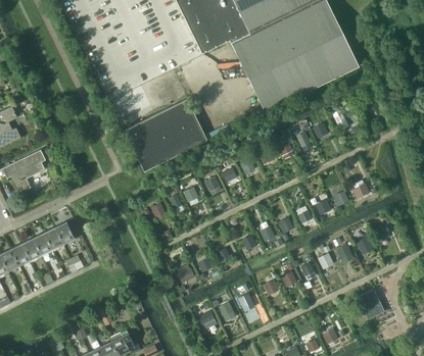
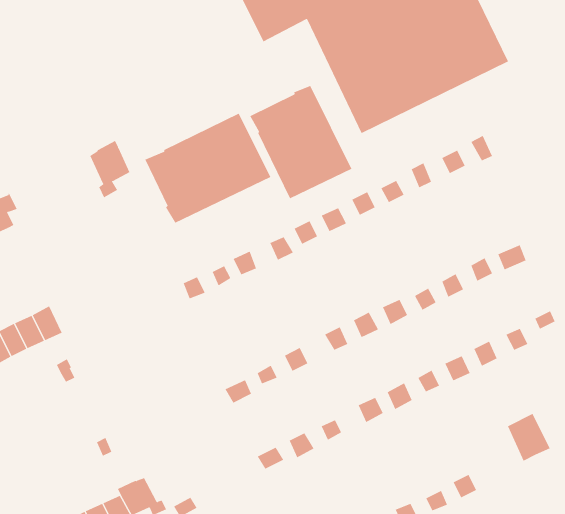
building: none -> [249,85,352,199]
building: none -> [89,140,130,198]

